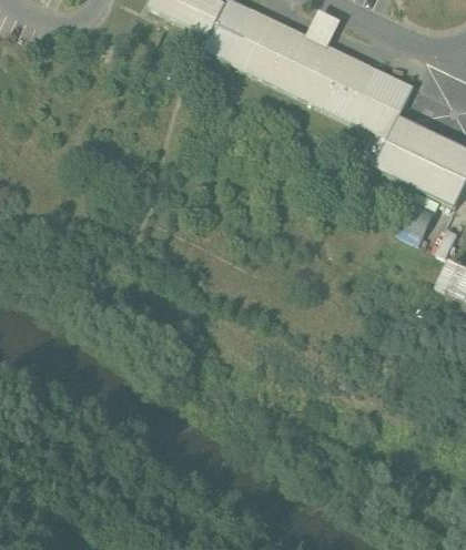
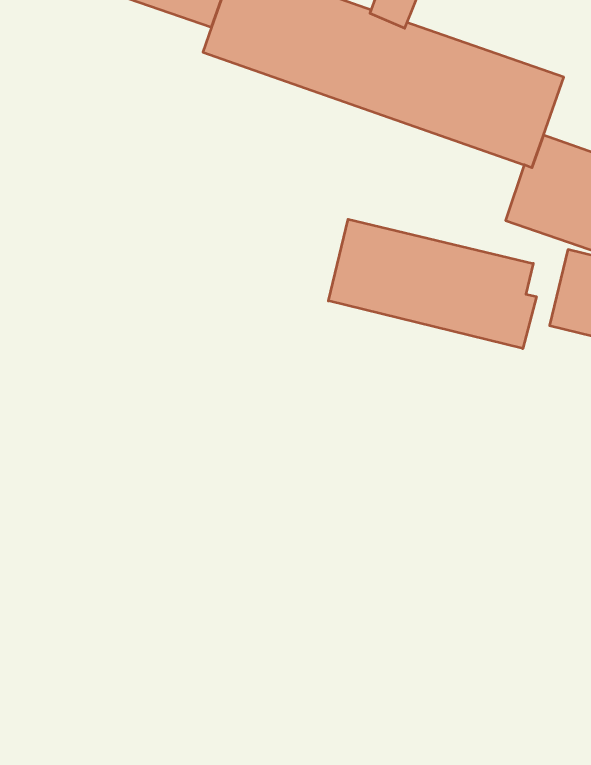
building: none -> [328,219,536,349]

